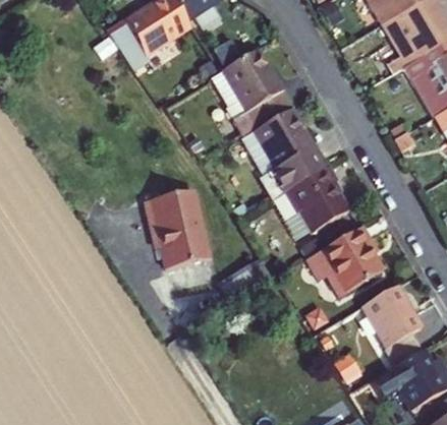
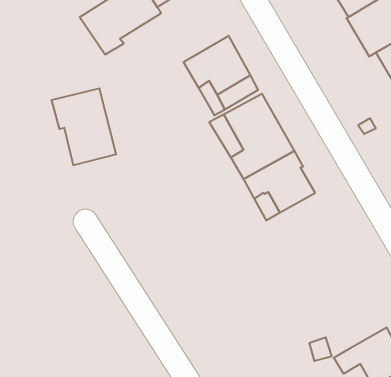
building: [143,188,210,267] -> [51,88,116,165]
building: [309,226,384,297] -> none
building: [361,285,422,347] -> none

